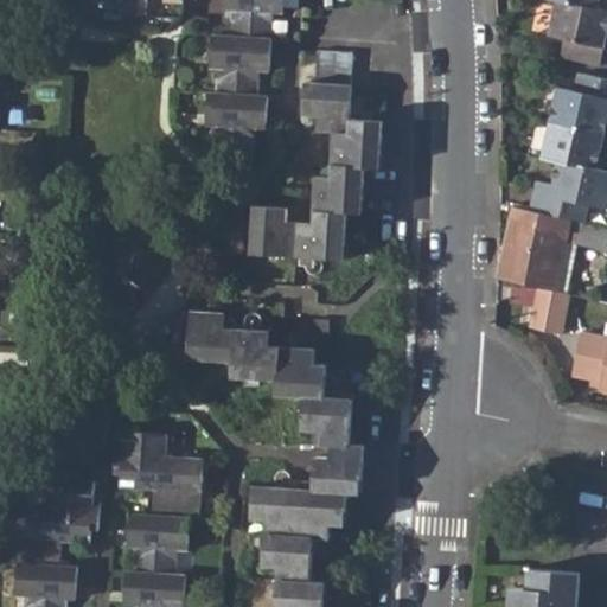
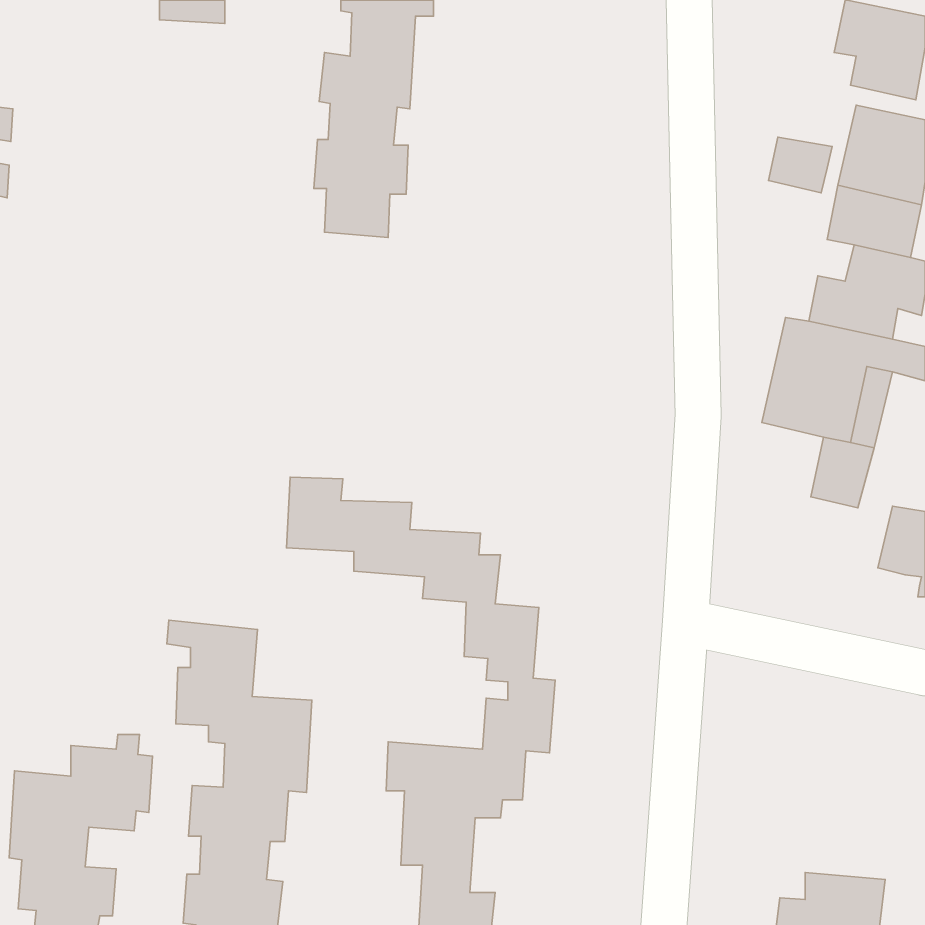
building: [253,51,383,258] -> none
building: none -> [768,137,832,193]

